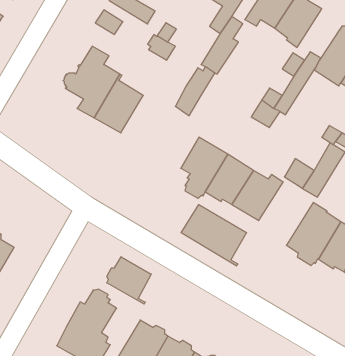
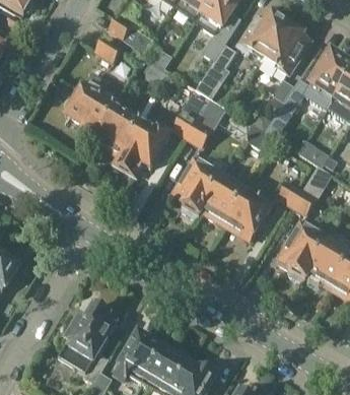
building: none -> [185,98,226,149]
building: none -> [118,120,169,172]
building: [181,205,247,266] -> none
building: [107,257,151,304] -> none

